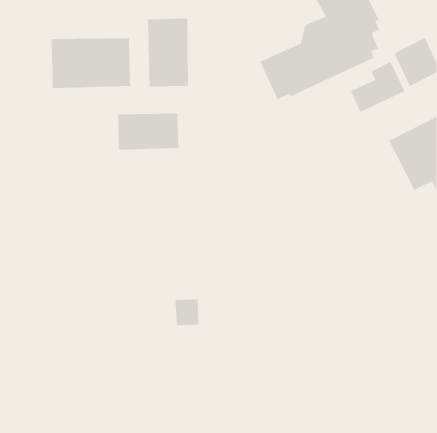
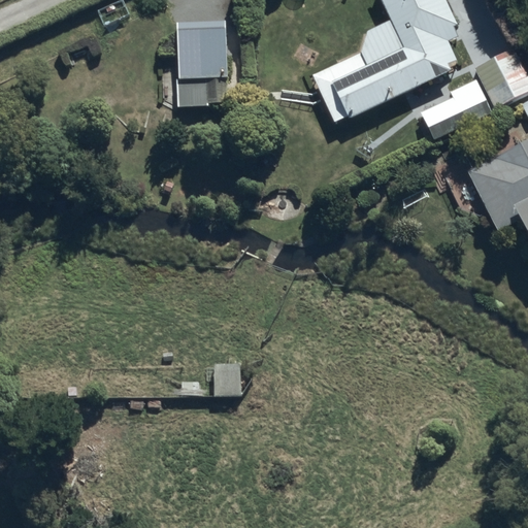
building: [51,37,131,89] -> none
building: [117,113,179,150] -> none

